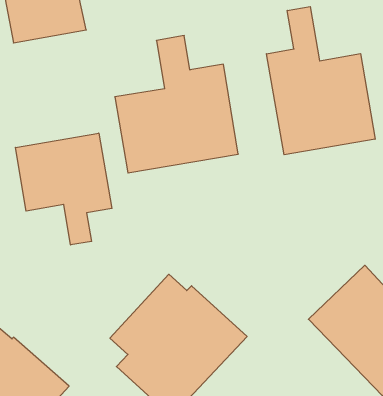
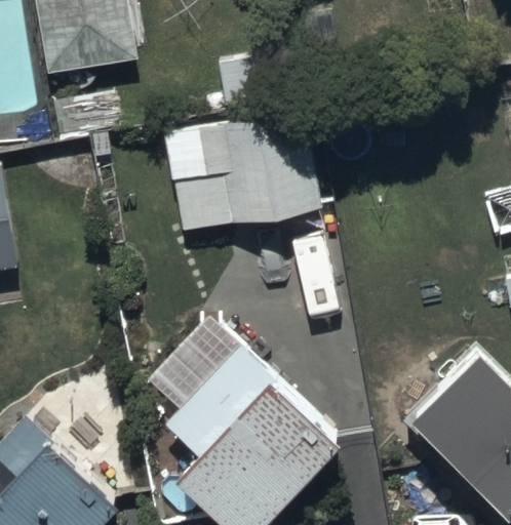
building: [266,7,375,155] -> none
building: [15,133,112,245] -> none

